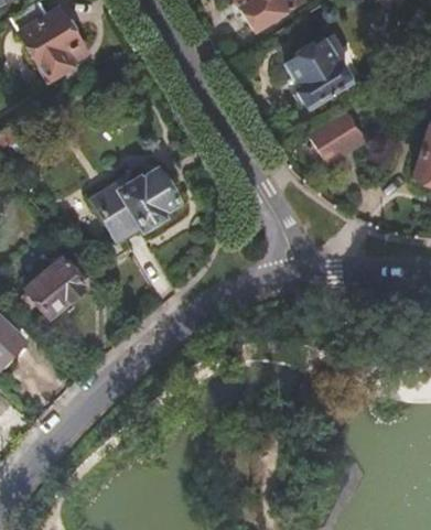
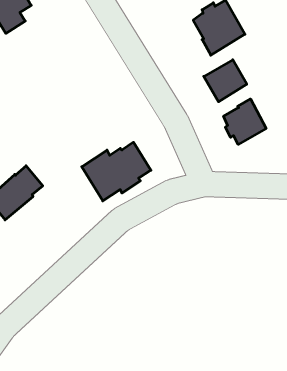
building: none -> [224,99,266,144]
building: [93,169,180,242] -> [82,142,151,201]

